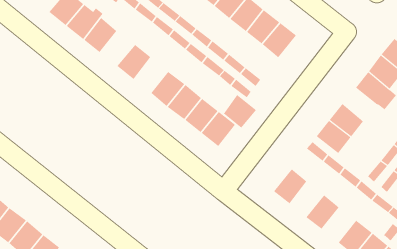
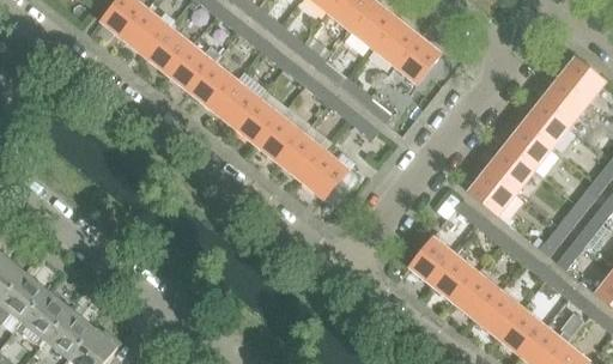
building: none -> [170,47,220,95]
building: none -> [217,83,263,132]
building: none -> [503,125,551,171]
building: [223,94,257,128] -> none
building: none -> [431,254,478,303]
building: none -> [475,290,522,338]

